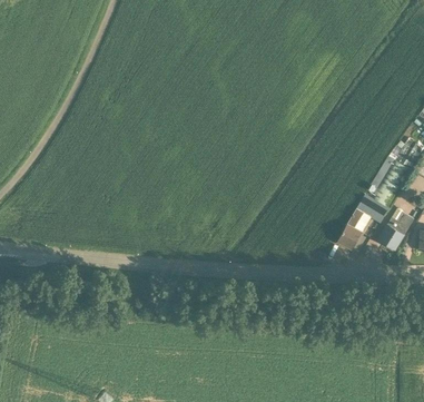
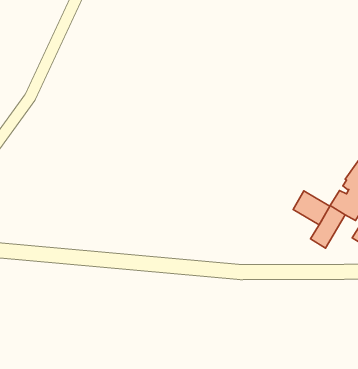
building: none -> [293,191,330,225]

